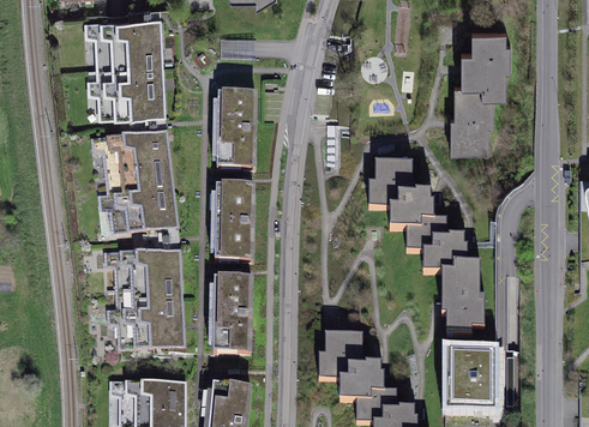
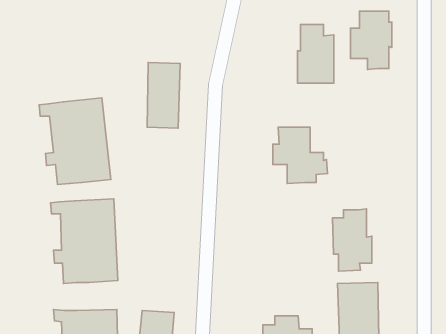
building: [83,18,162,118] -> none
building: [450,83,493,152] -> [297,25,334,83]
building: [218,180,259,258] -> none
building: [407,219,470,272] -> none
building: [212,273,253,351] -> none
building: [318,331,385,401] -> none

